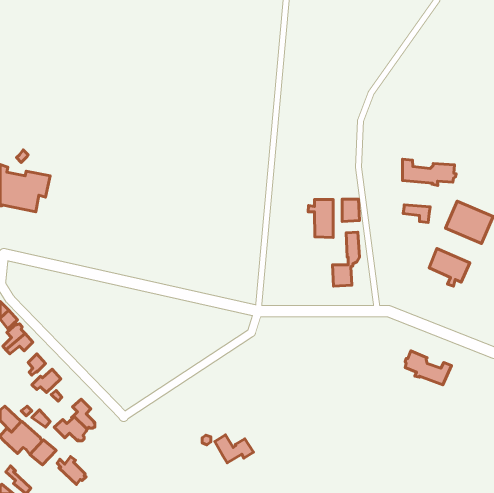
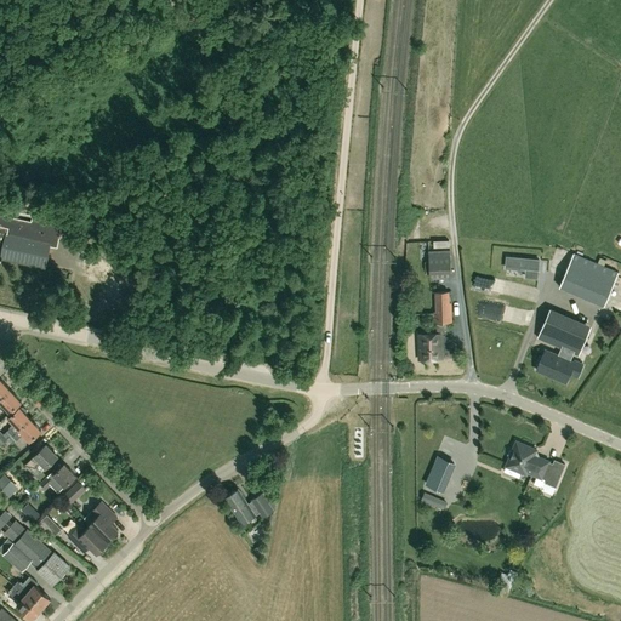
building: [402,159,456,185] -> none
building: [308,199,333,238] -> none
building: none -> [537,351,583,382]
building: none -> [428,457,456,491]
building: [215,435,253,463] -> [226,490,274,525]
building: [57,456,86,484] -> [15,579,51,614]

